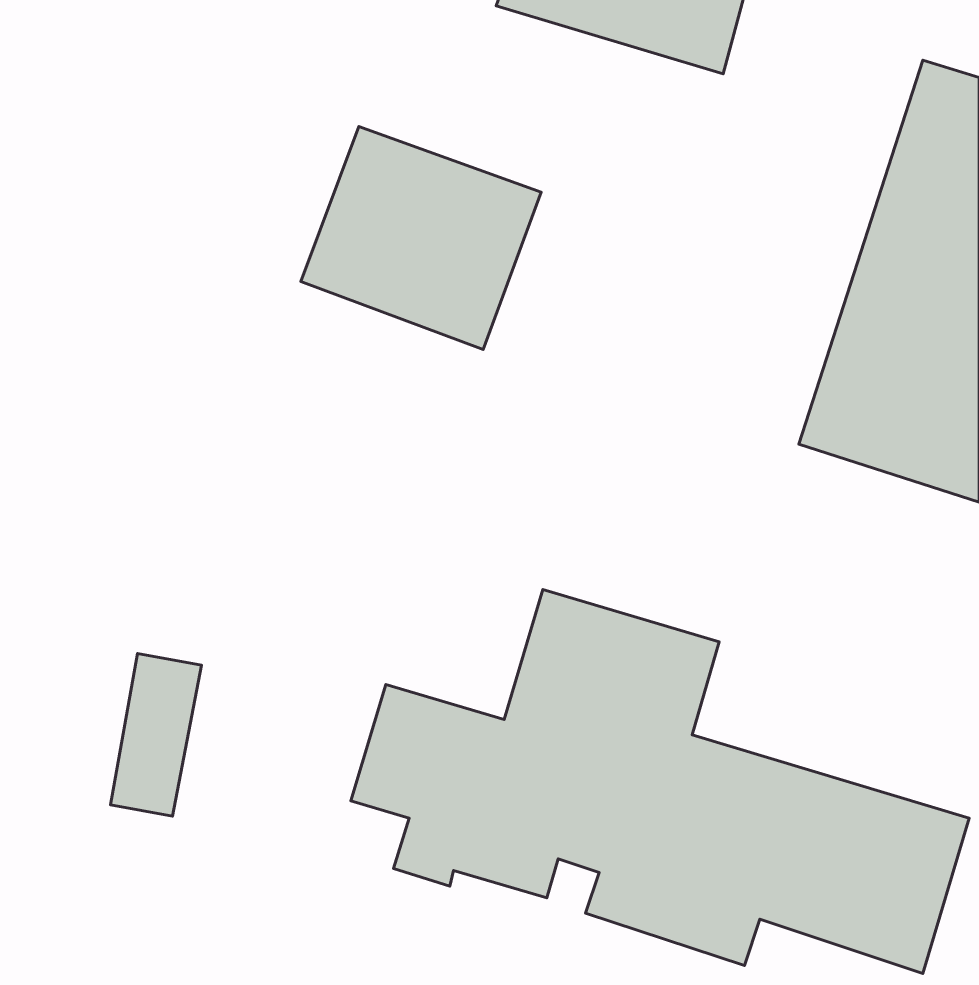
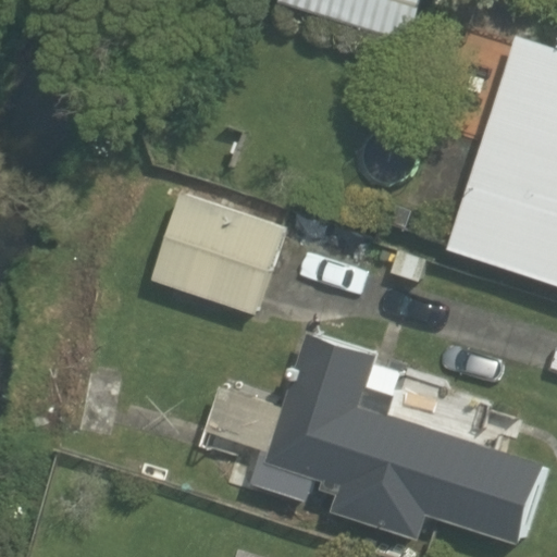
building: [301,126,541,349] -> [152,190,287,315]

